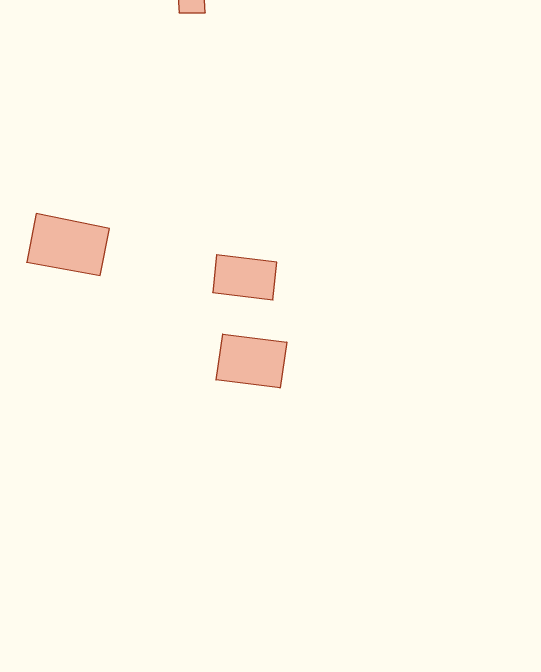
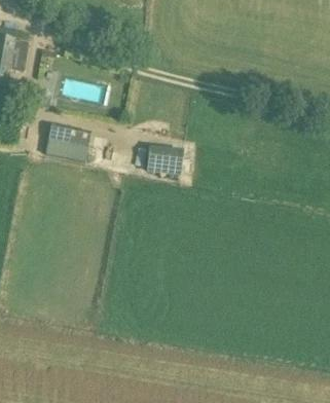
building: [216,334,287,388] -> none

